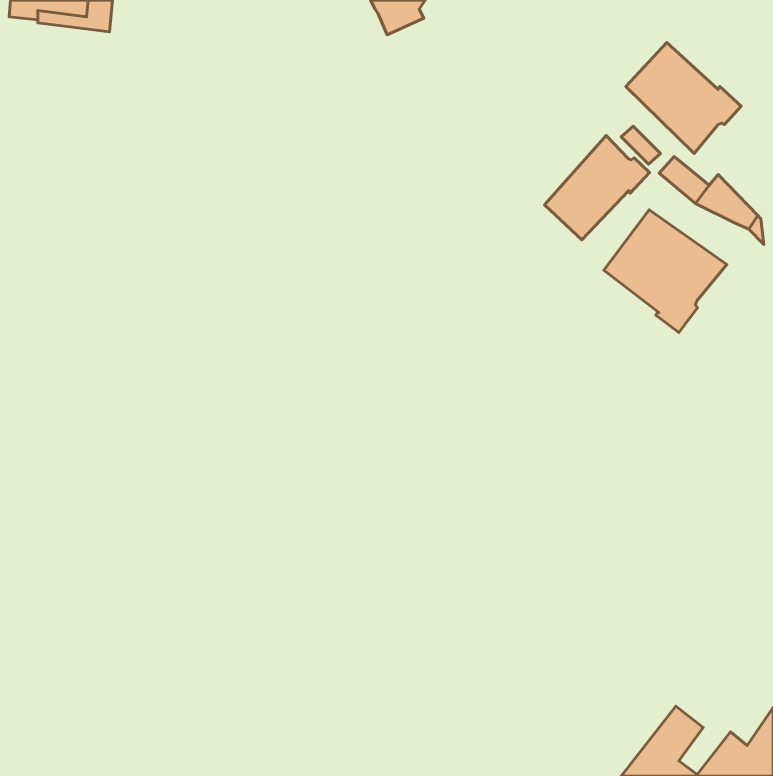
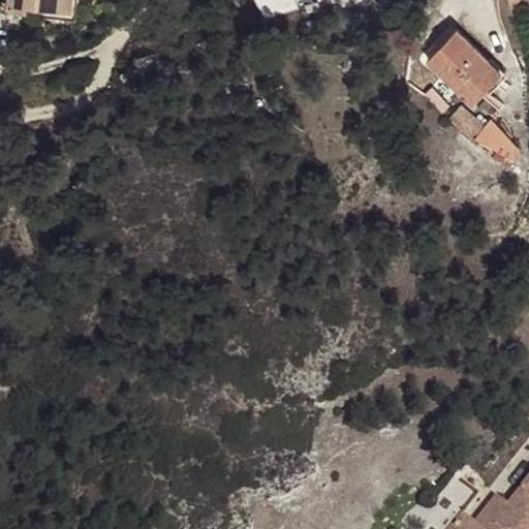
building: [544,135,649,240] -> none
building: [604,210,727,332] -> none

